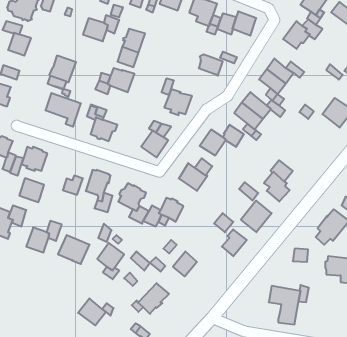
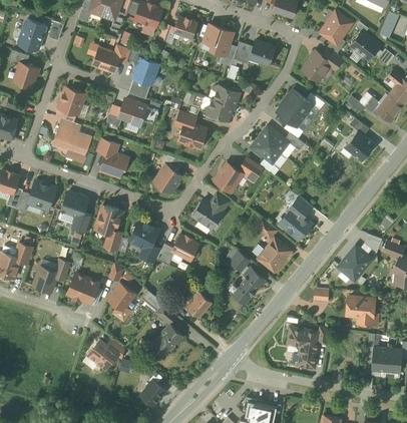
building: none -> [205,99,233,121]
building: [19,178,44,202] -> [61,192,87,218]

